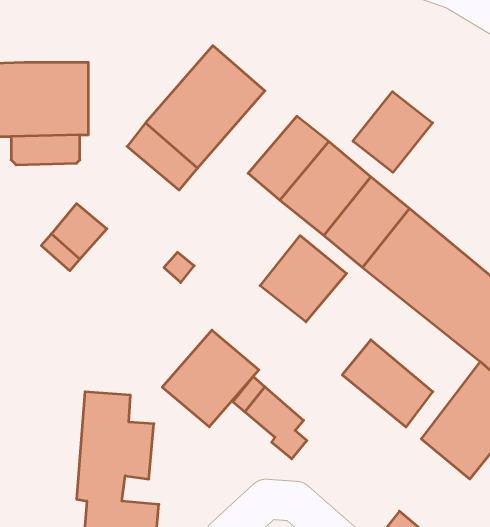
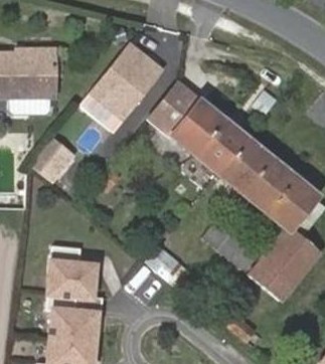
building: [353,92,433,172] -> none
building: [260,236,347,322] -> none
building: [162,330,259,427] -> none

